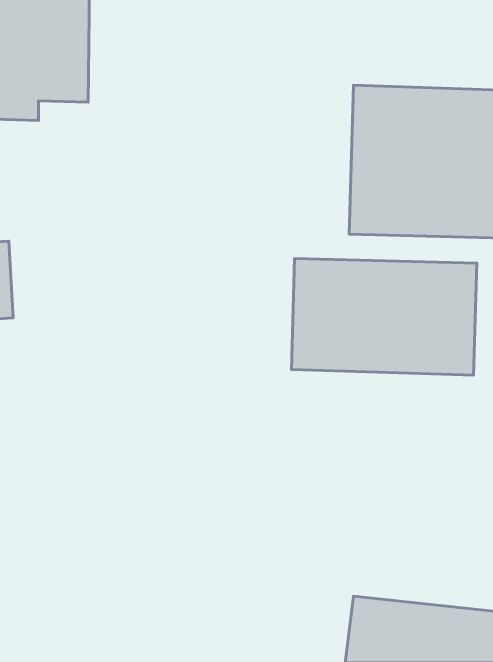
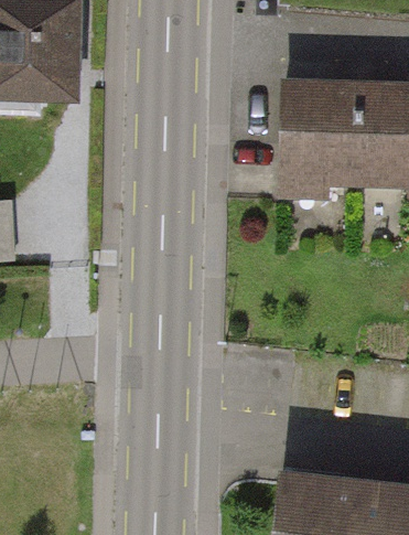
building: [291,259,477,375] -> none

